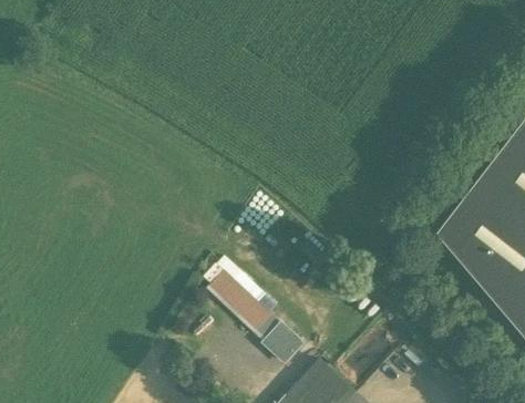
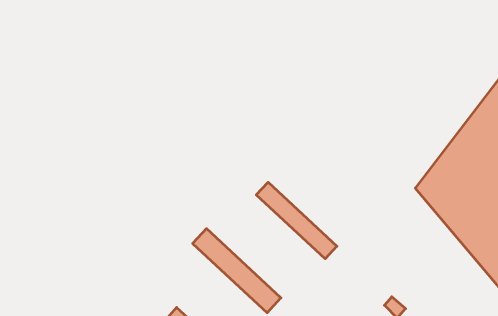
building: none -> [256,182,337,259]

